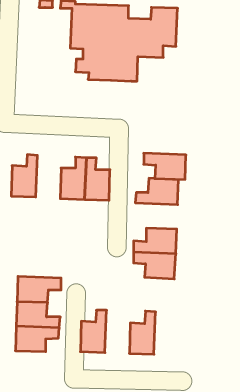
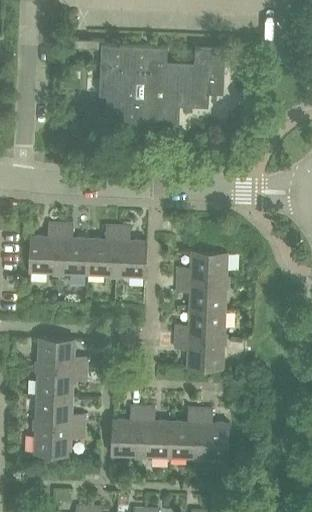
building: [144,153,186,179] -> [176,279,226,310]
building: none -> [58,223,88,274]
building: none -> [37,338,89,368]
building: none -> [140,406,170,457]
building: none -> [198,408,228,459]

